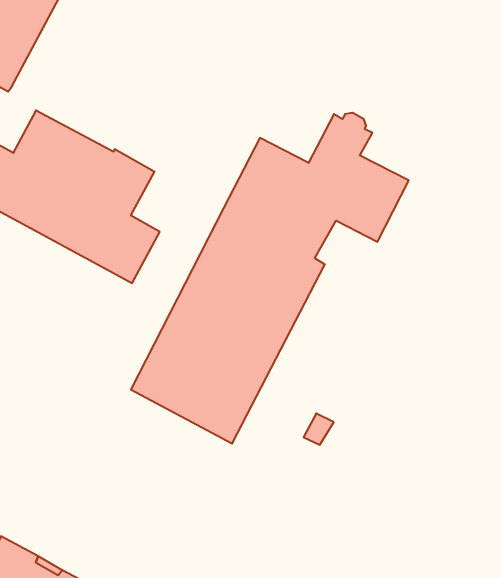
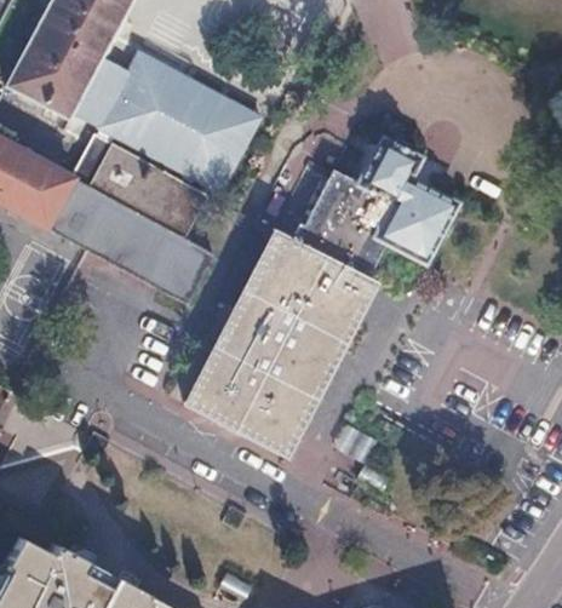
building: none -> [70,52,260,193]

